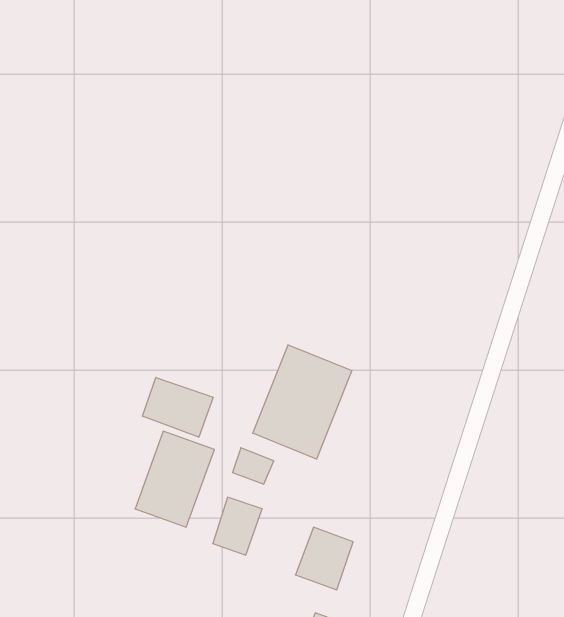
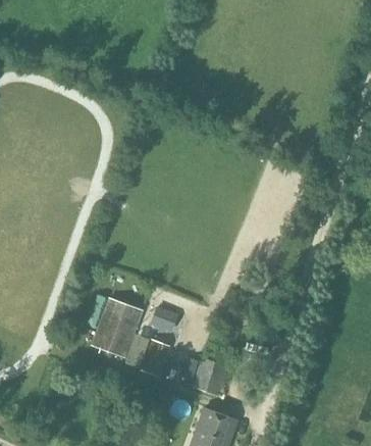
building: [253,345,352,459] -> none
building: [143,377,213,437] -> none

